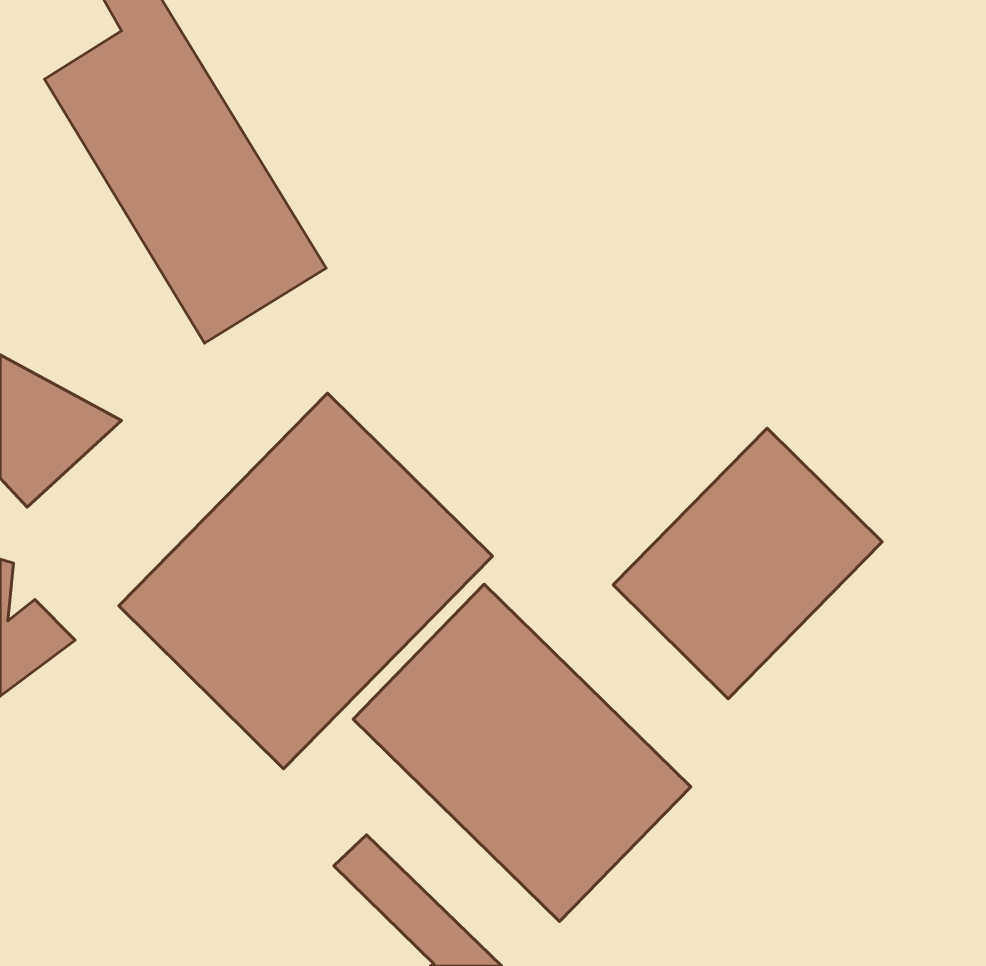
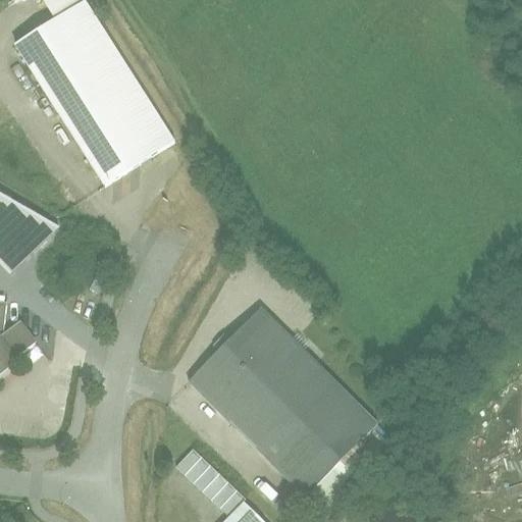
building: [119,393,492,769] -> none
building: [613,428,882,699] -> none

